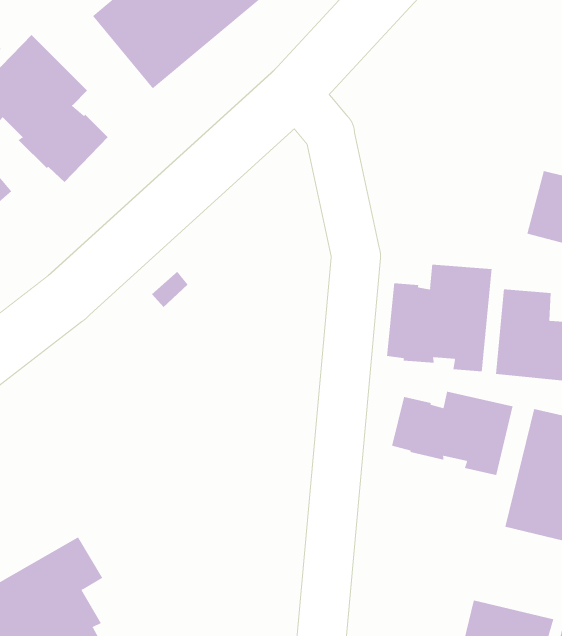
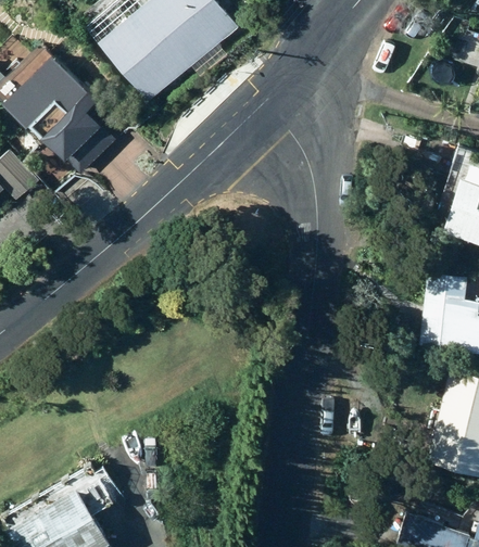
building: [386,264,492,372] -> none
building: [392,391,513,476] -> none

